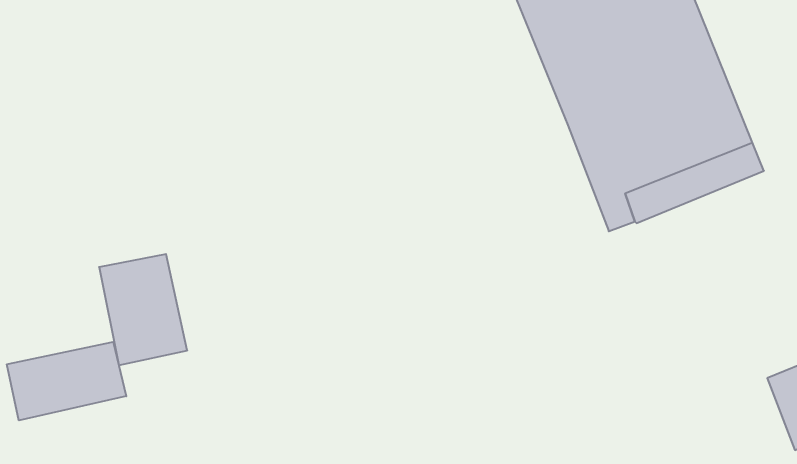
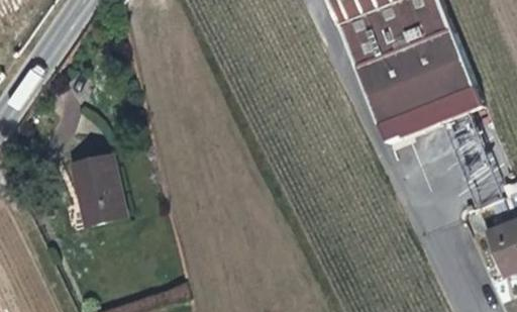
building: [7,342,126,420] -> none

